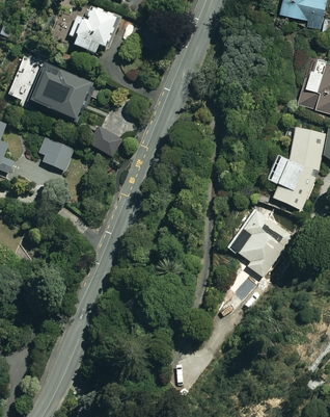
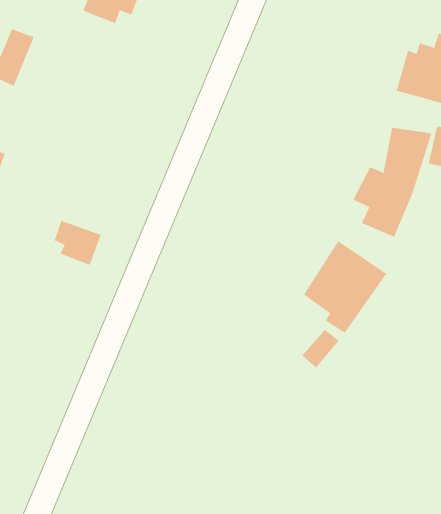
building: [32,63,93,122] -> none
building: [88,127,121,157] -> none
building: [37,137,72,170] -> [54,220,102,265]

